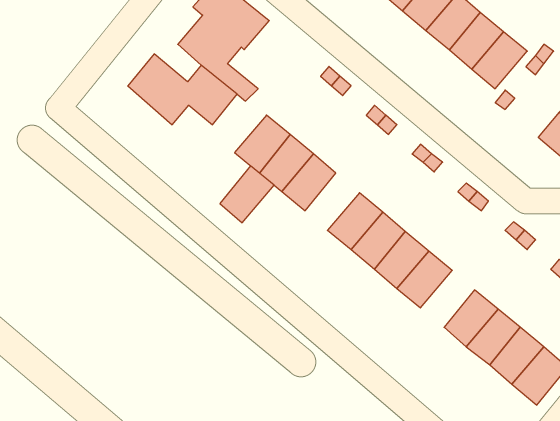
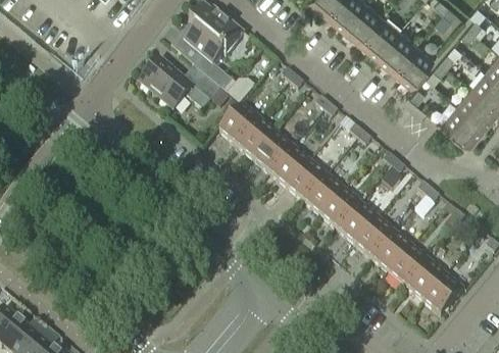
building: [220,166,274,223] -> [271,149,311,191]
building: none -> [356,220,396,262]

